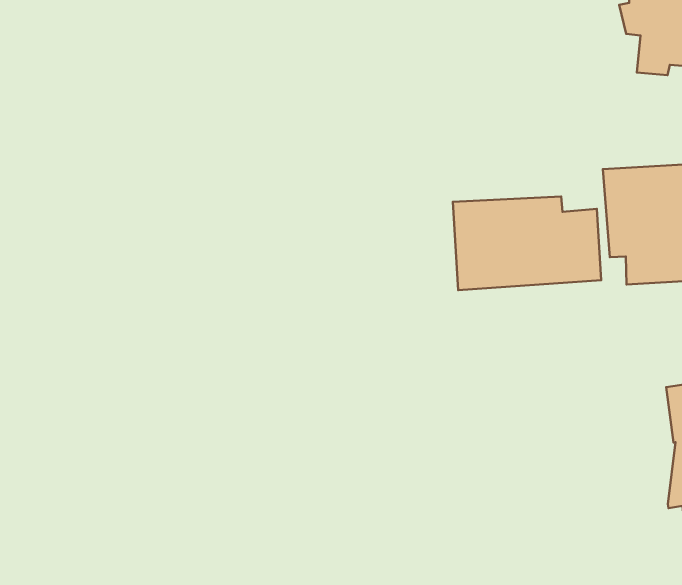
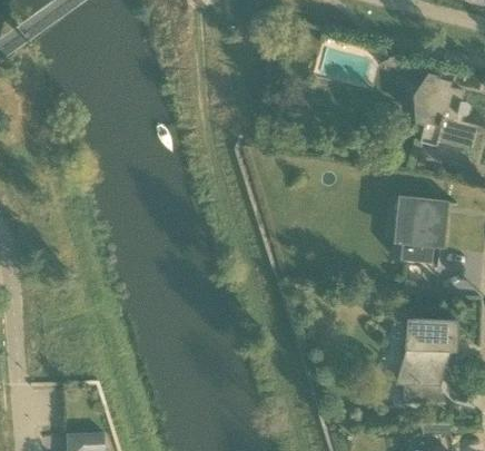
building: [453,197,601,290] -> none

